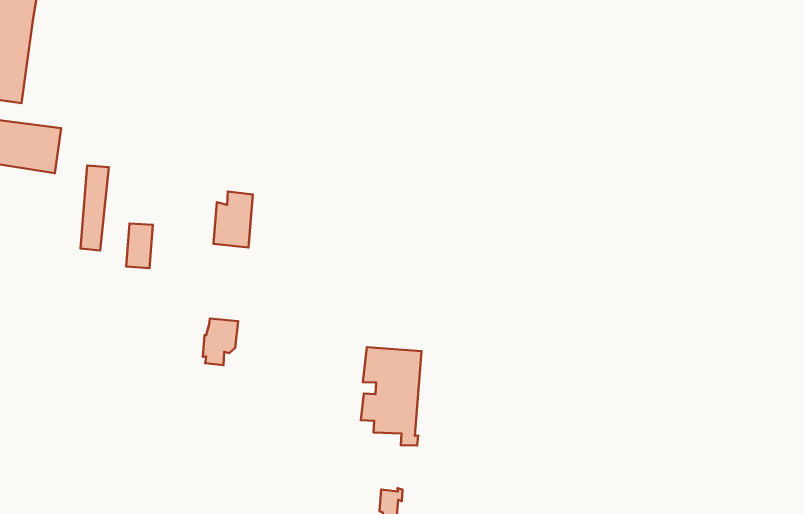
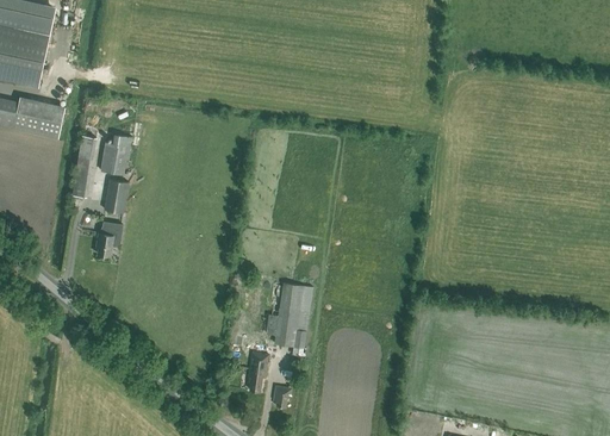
building: [214,191,253,248] -> [101,133,132,175]
building: [203,318,238,365] -> [97,220,124,255]
building: none -> [248,351,268,391]

